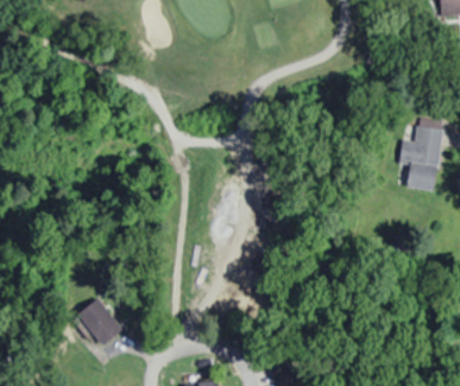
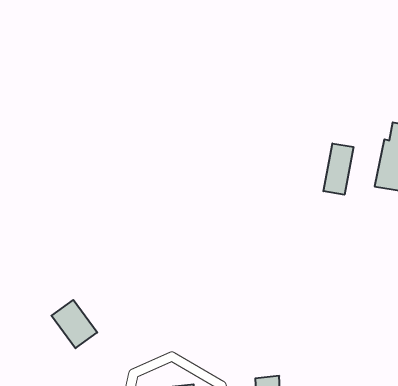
building: none -> [323,143,353,195]

